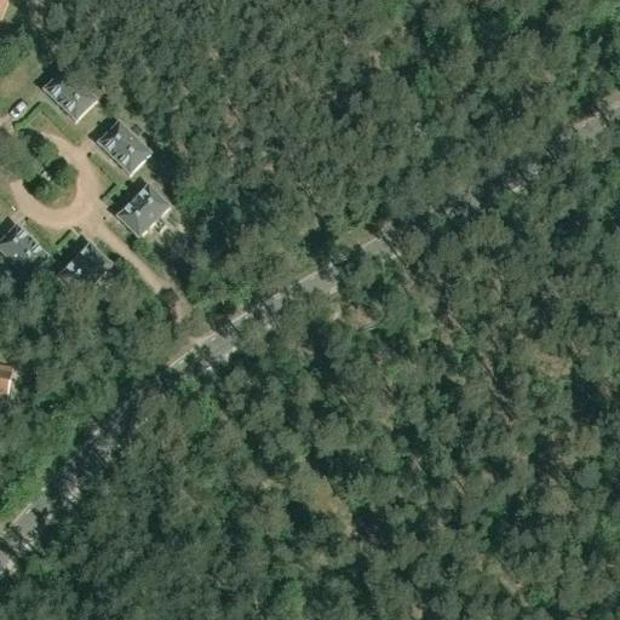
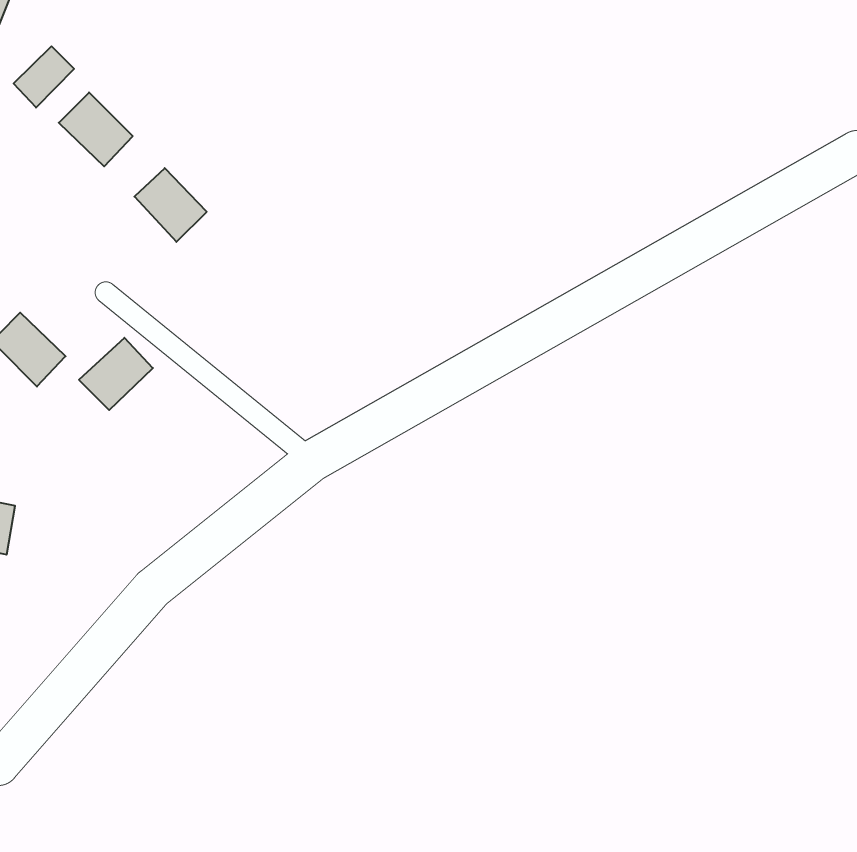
building: none -> [14,46,74,108]
building: [121,179,174,231] -> none

